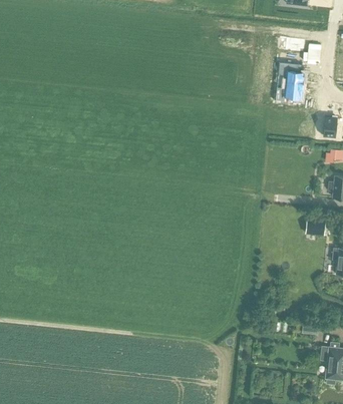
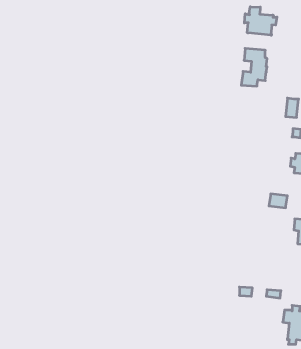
building: none -> [244,7,277,35]

